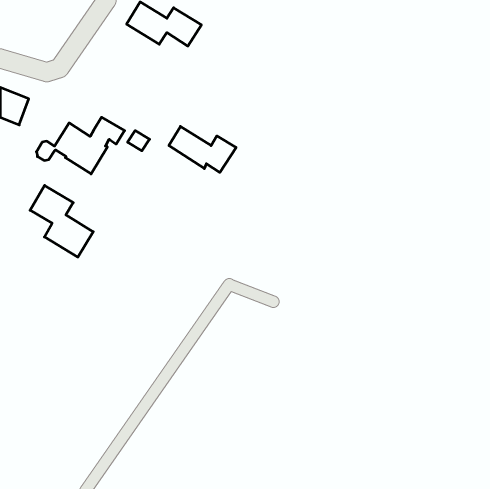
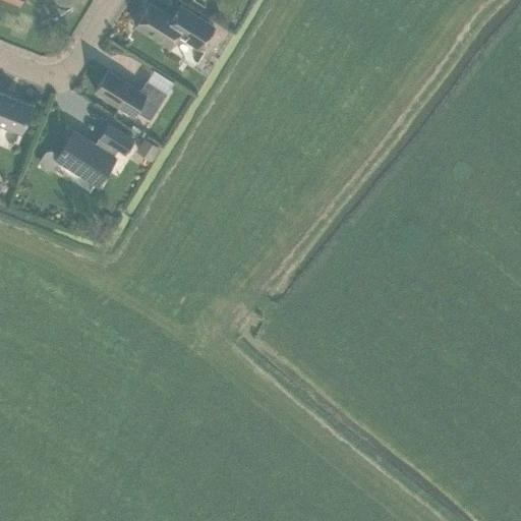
building: [169,126,236,172] -> [95,72,166,121]
building: [30,185,93,257] -> none

